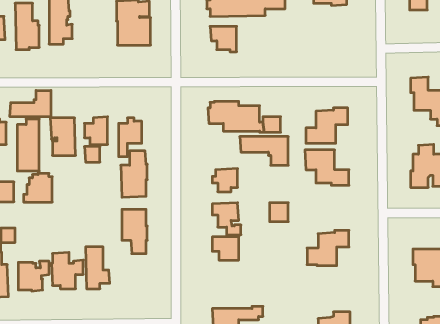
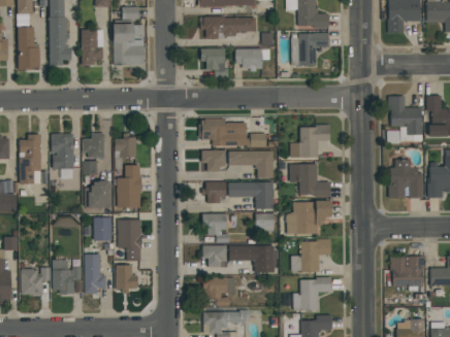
building: none -> [82,30,103,68]
building: none -> [291,33,328,66]
building: none -> [235,48,270,72]
building: [10,90,51,117] -> none
building: none -> [201,150,225,172]
building: none -> [228,182,274,209]
building: [24,173,52,202] -> [85,181,111,208]
building: none -> [286,201,330,234]
building: none -> [94,217,111,241]
building: none -> [229,245,275,273]
building: none -> [116,265,137,294]
building: none -> [203,277,234,306]
building: none -> [293,277,331,310]

